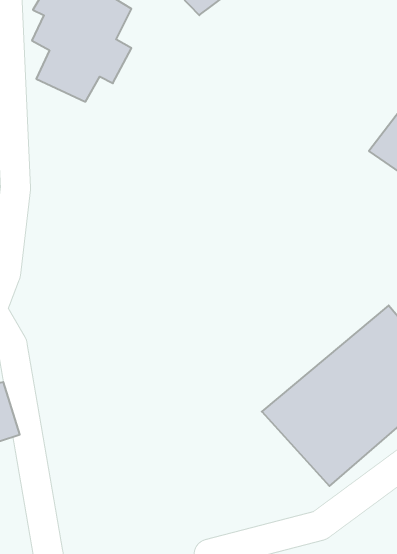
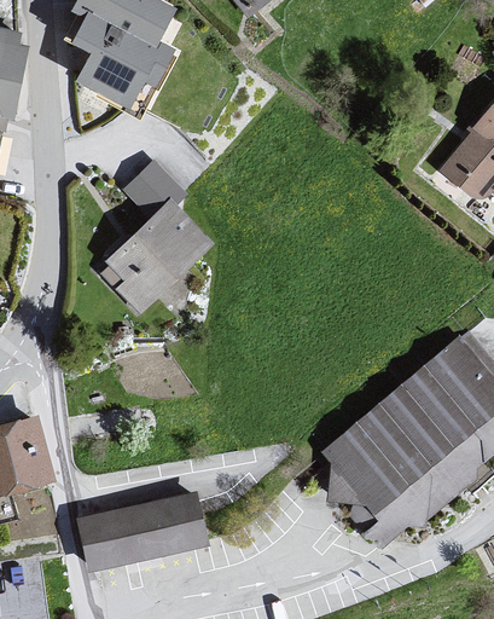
building: none -> [104,160,214,303]
building: none -> [72,493,205,569]

